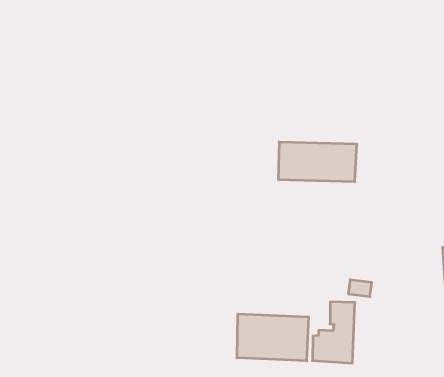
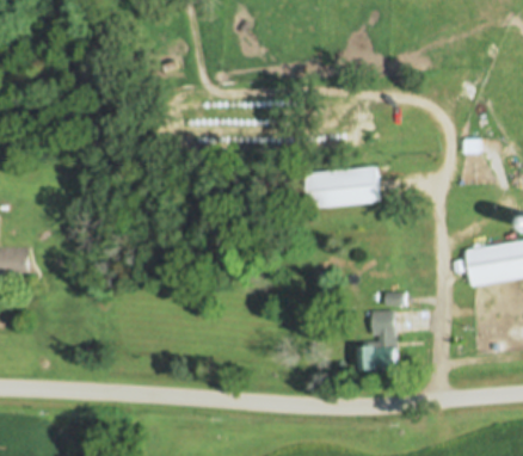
building: [237,314,309,361] -> none

